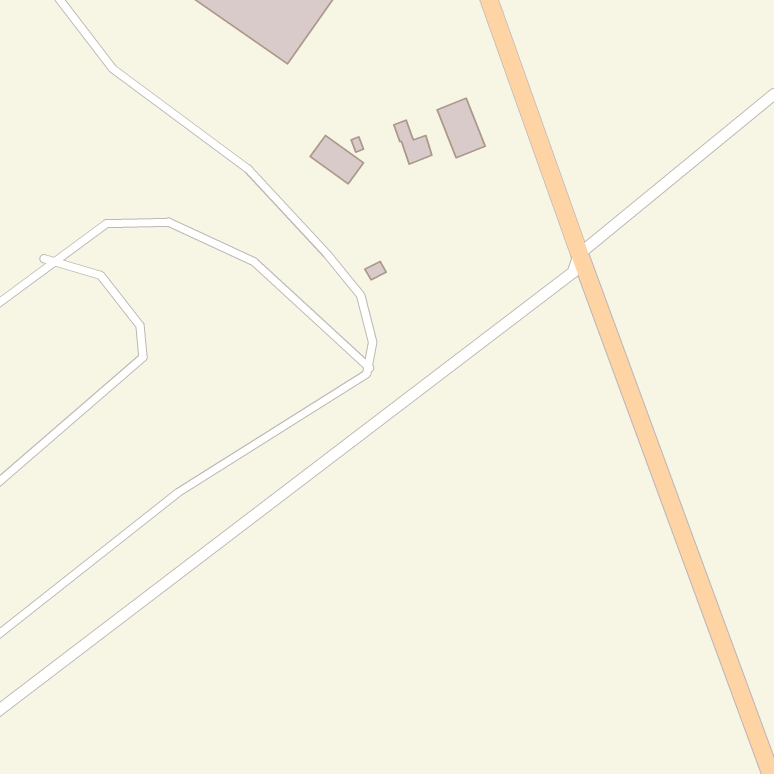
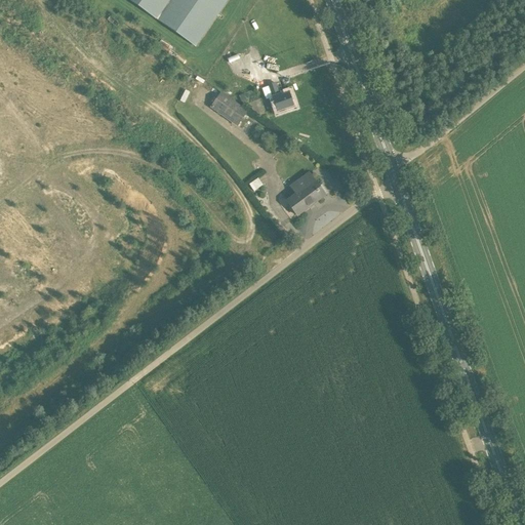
building: [437,98,485,158] -> none
building: none -> [285,171,321,214]

